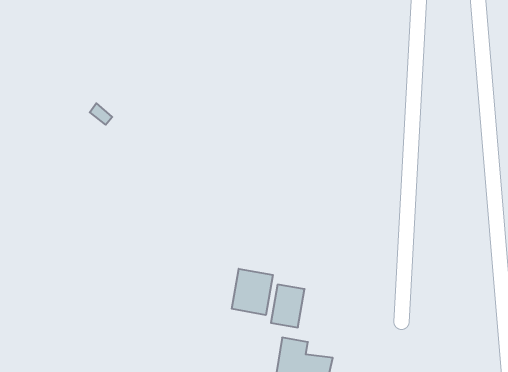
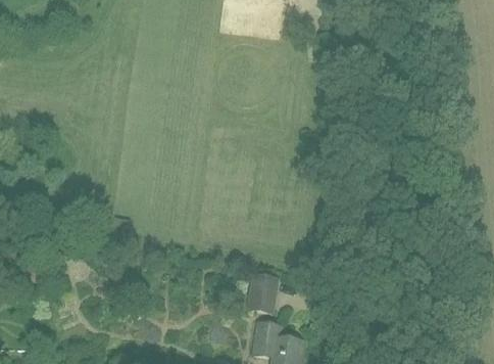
building: [232,269,273,315] -> none

